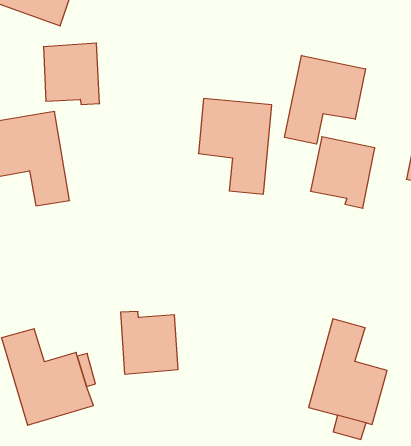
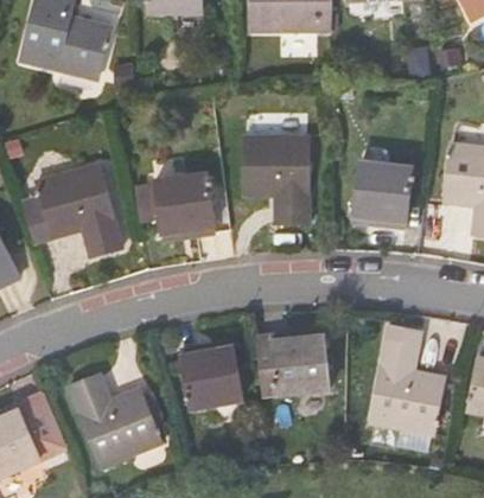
building: [43,43,100,104] -> [154,175,214,236]
building: [285,55,366,144] -> none
building: none -> [270,336,330,397]

